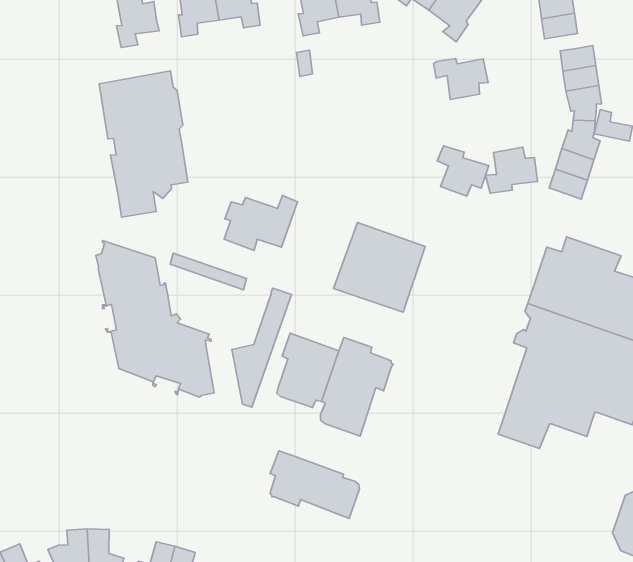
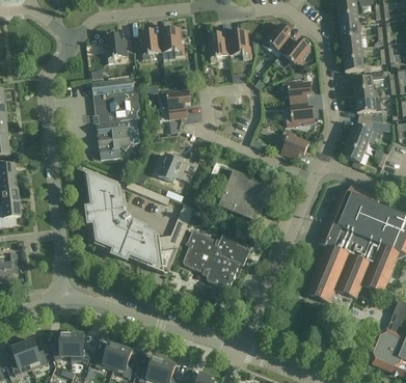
building: none -> [160,88,190,118]
building: [486,147,538,193] -> [285,101,314,126]
building: [270,451,360,518] -> none

